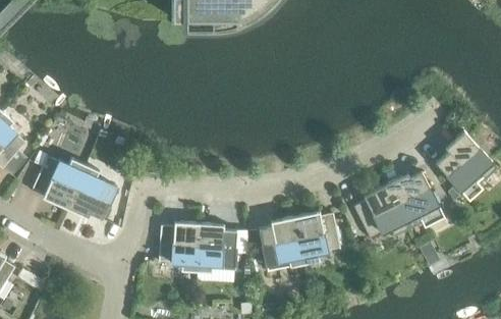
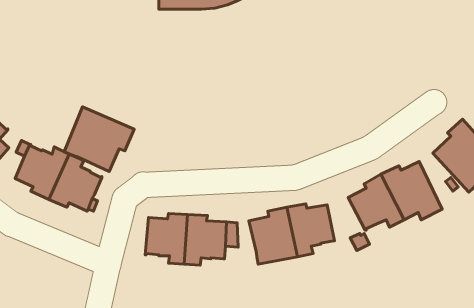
building: none -> [64,107,134,172]

